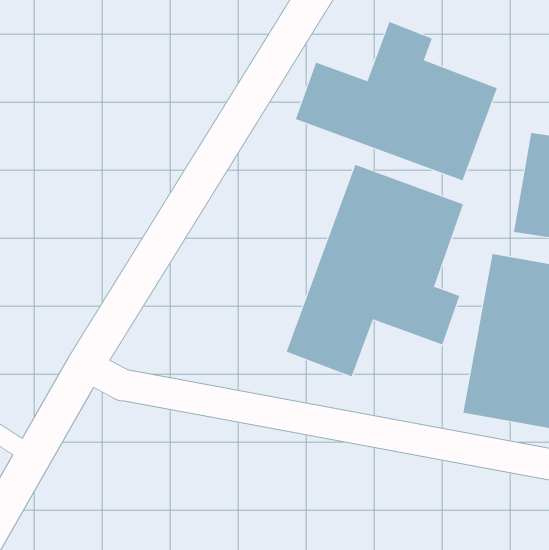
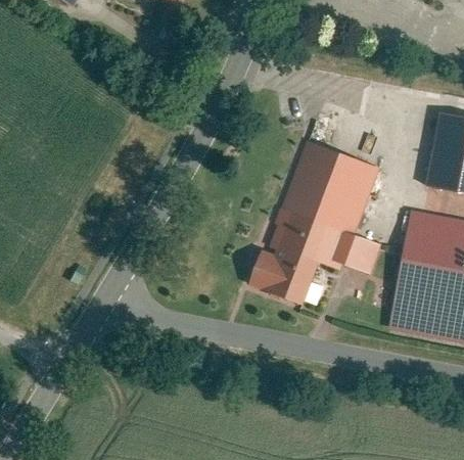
building: [295,21,498,181] -> none

